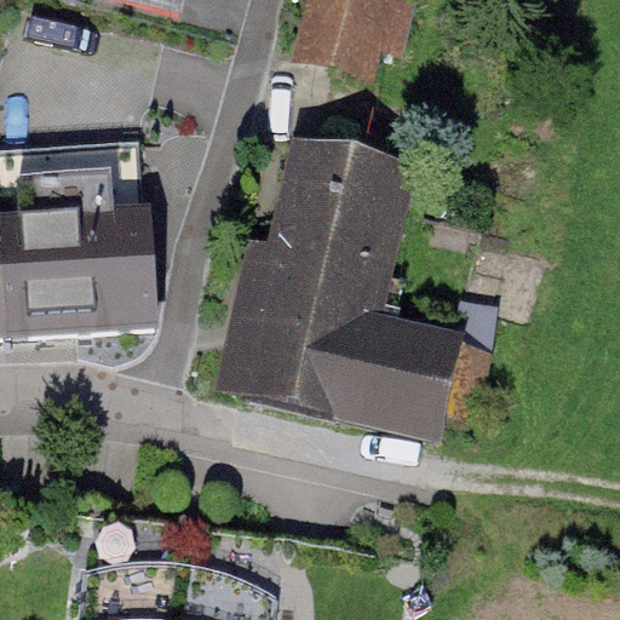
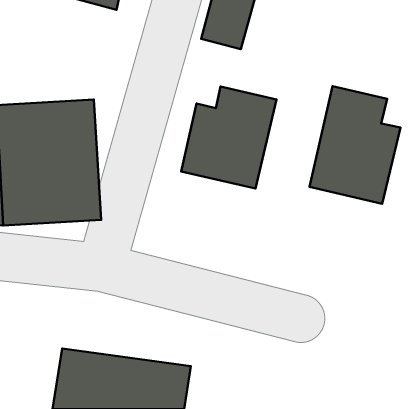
building: none -> [309,86,400,204]
building: [239,257,486,438] -> none

